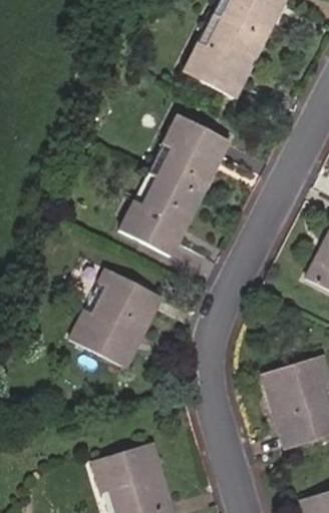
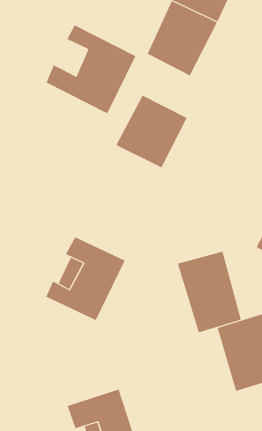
building: none -> [46,25,136,114]
building: [119,168,201,253] -> none
building: none -> [177,251,242,333]

